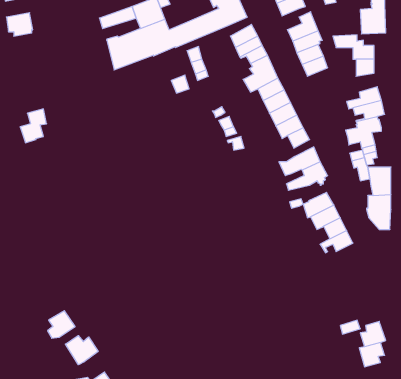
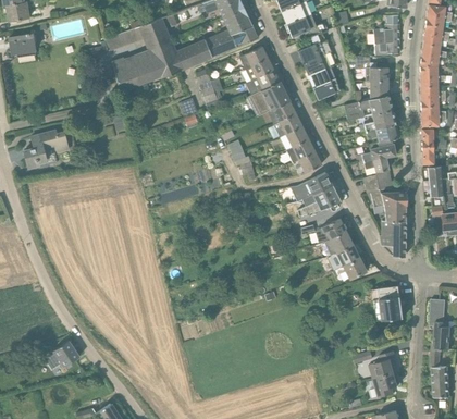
building: none -> [344,96,392,121]
building: none -> [372,286,404,322]
building: [65,336,98,365] -> none

